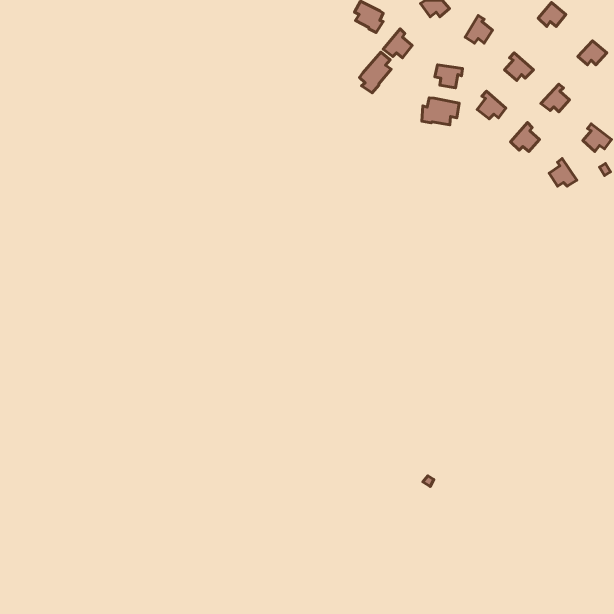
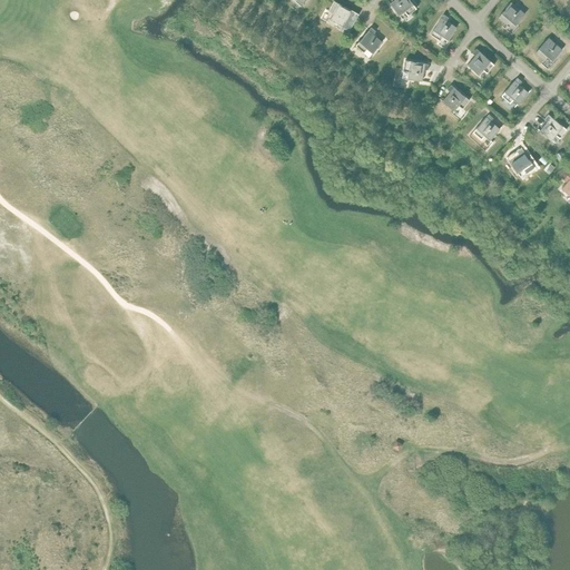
building: [360,52,391,93] -> none
building: [422,98,459,125] -> none

